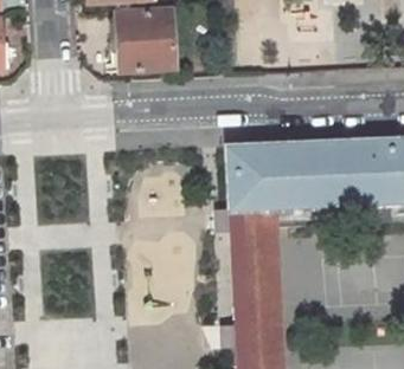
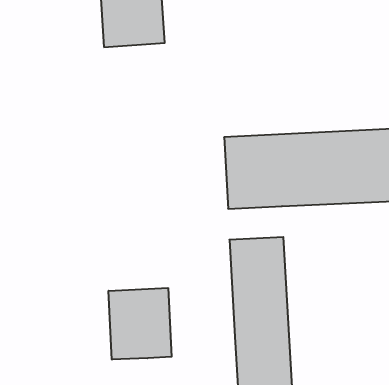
building: [229,209,277,239] -> none
building: none -> [109,288,172,360]

